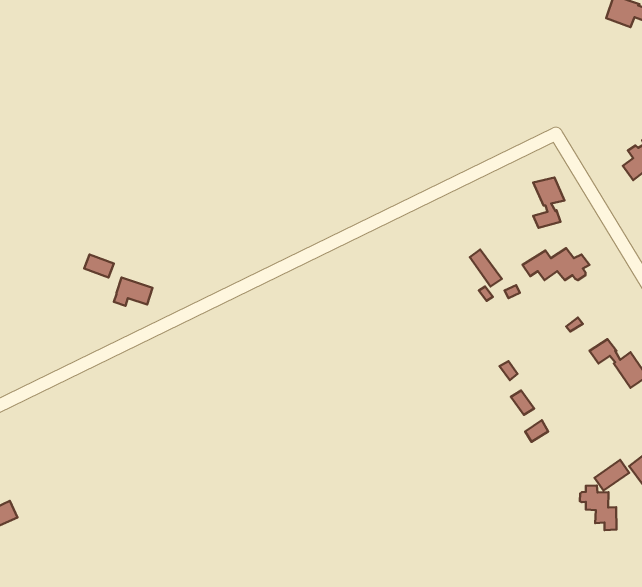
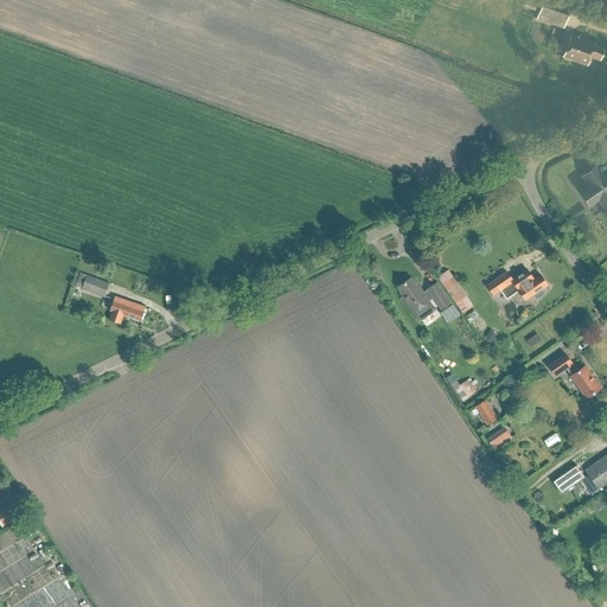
building: [533,177,565,228] -> none
building: none -> [396,276,451,321]
building: [580,485,616,530] -> none

